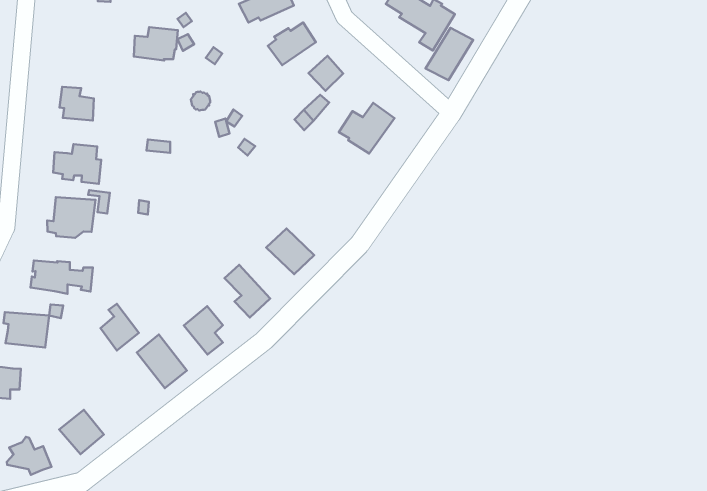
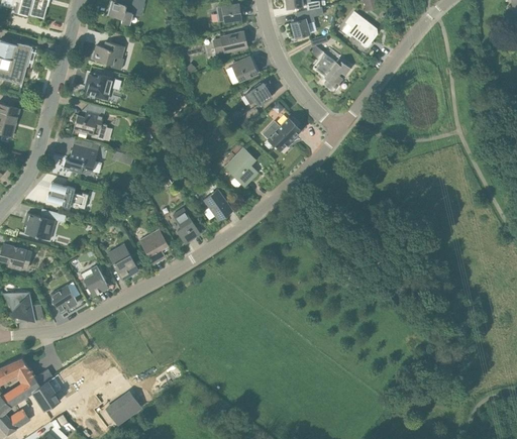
building: [134,27,178,61] -> [93,41,124,65]
building: [426,28,473,80] -> none
building: none -> [225,148,256,187]
building: [101,304,139,351] -> [84,265,108,296]

